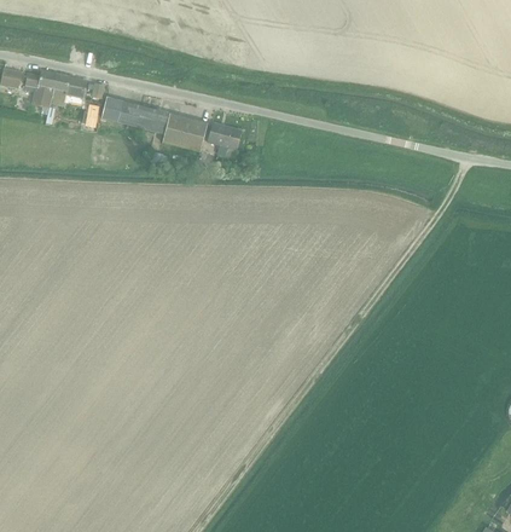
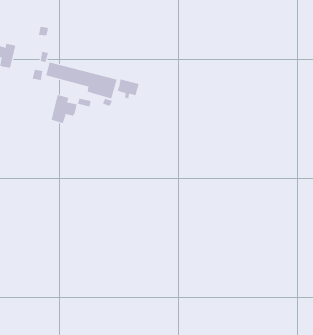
building: [50,71,86,103] -> none
building: none -> [51,94,77,124]

